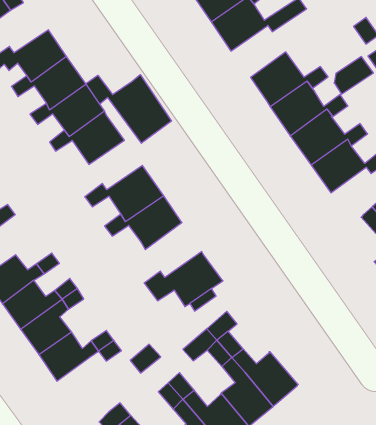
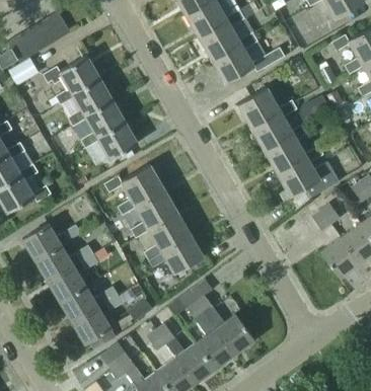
building: [86,75,172,143] -> none
building: none -> [131,210,190,250]
building: none -> [72,306,110,343]

